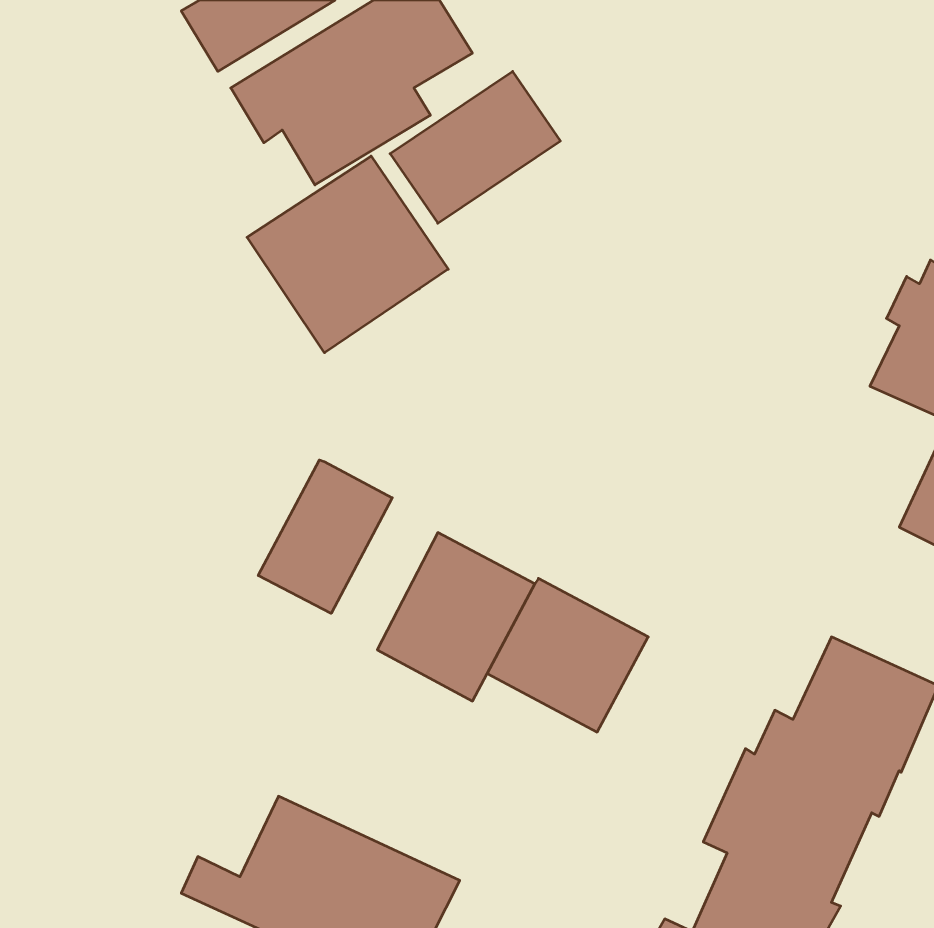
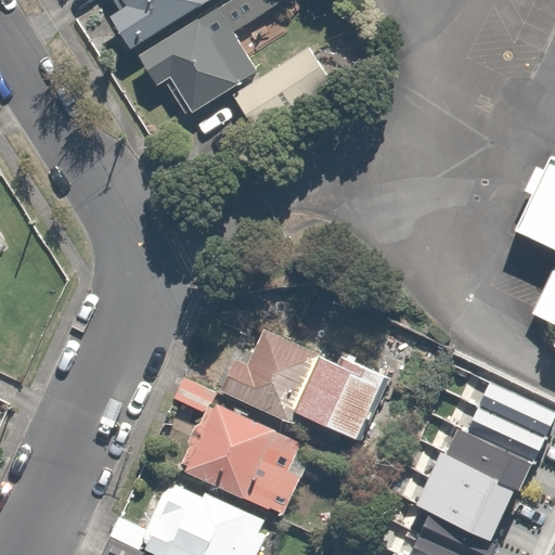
building: [247,156,448,353] -> none
building: [258,460,392,613] -> none
building: none -> [172,376,315,517]

